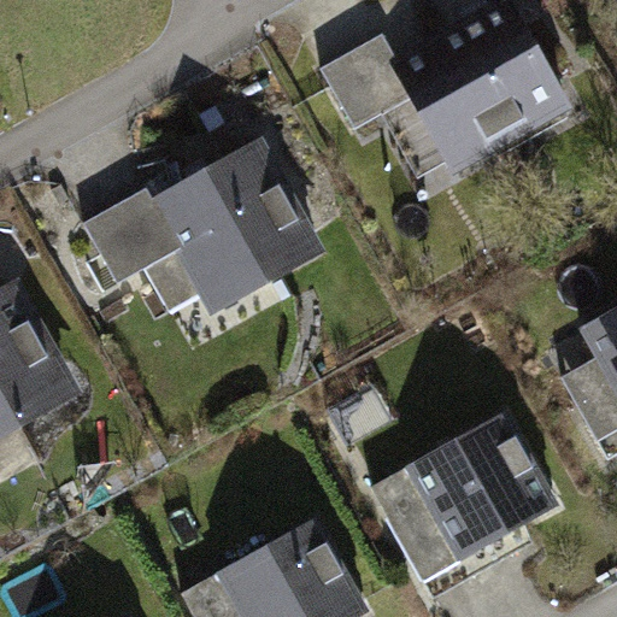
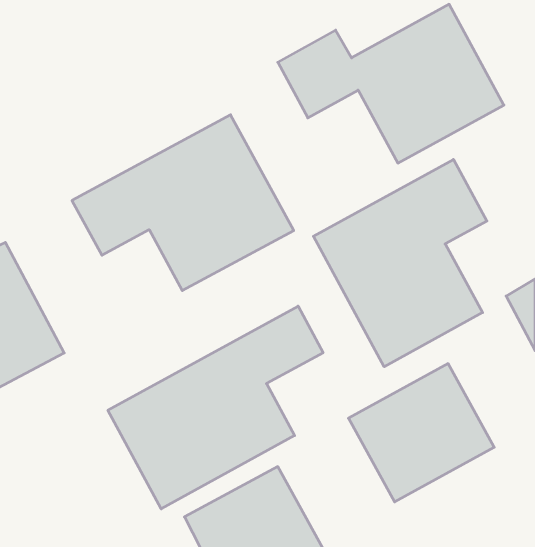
building: none -> [313,159,487,367]
building: none -> [108,306,323,509]

